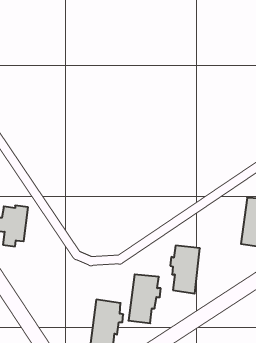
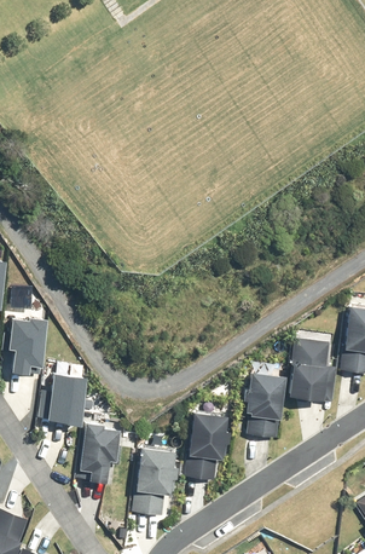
building: none -> [288,339,336,404]
building: none -> [39,373,85,425]
building: none -> [79,422,122,483]

